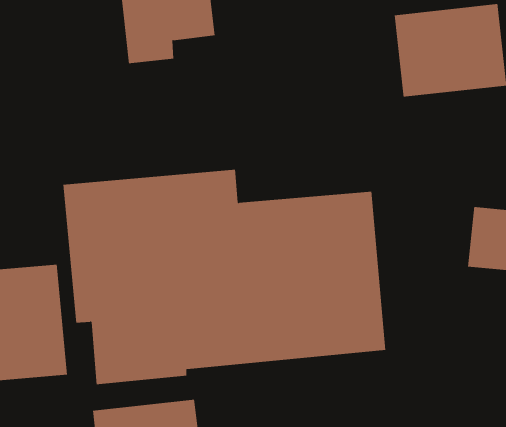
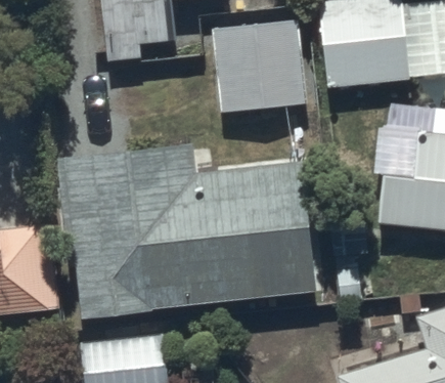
building: none -> [212,19,307,113]

